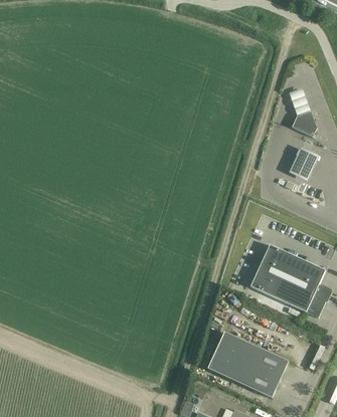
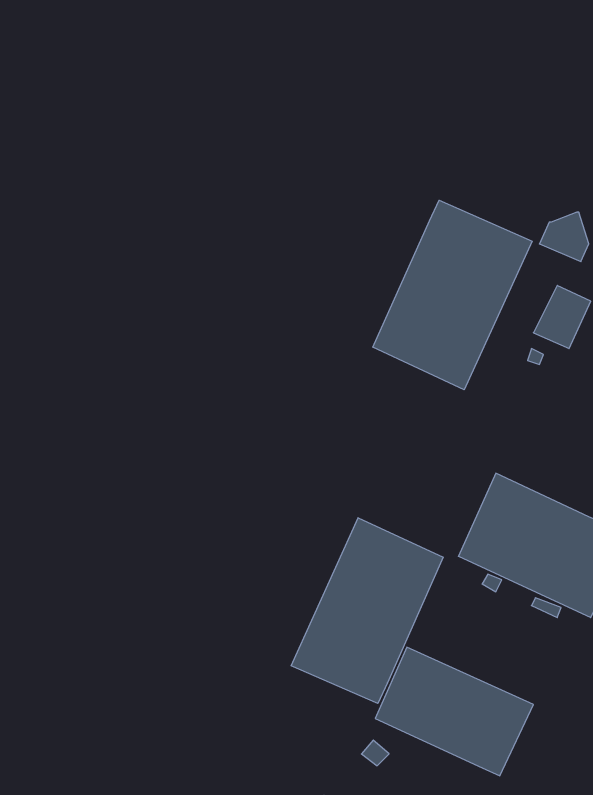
building: none -> [373,200,532,390]
building: none -> [291,518,443,703]

